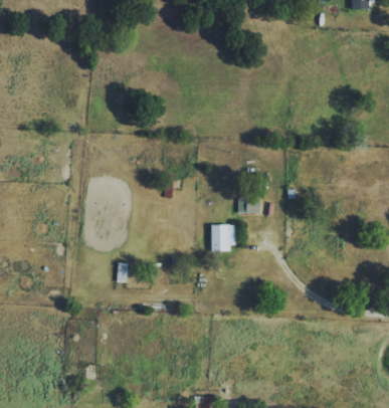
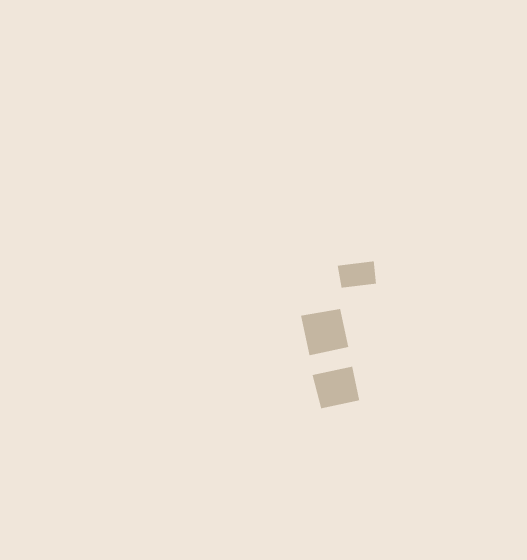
building: none -> [312,366,360,409]

